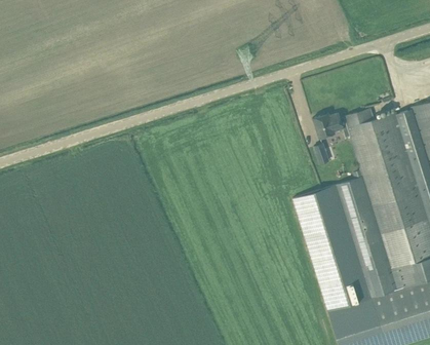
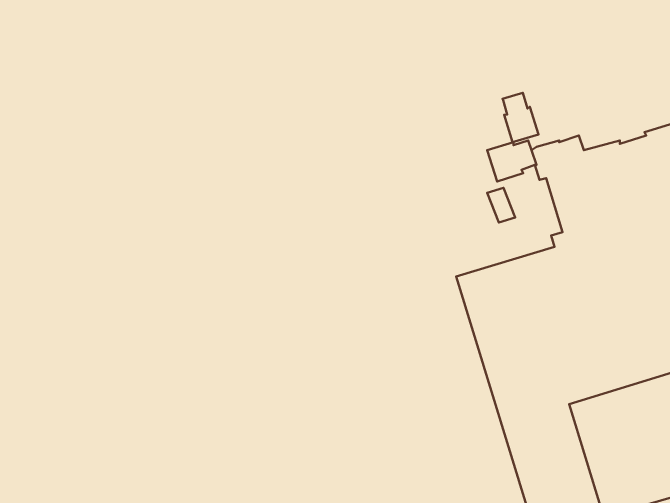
building: none -> [502,93,538,142]

